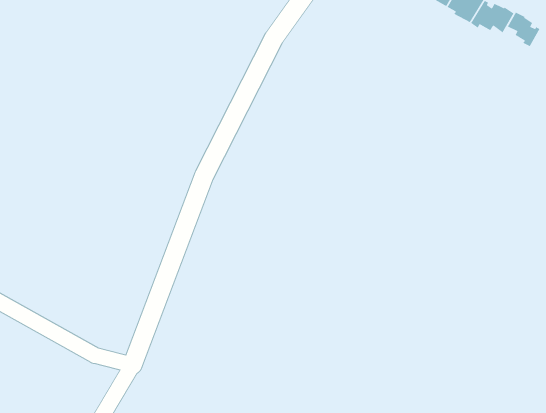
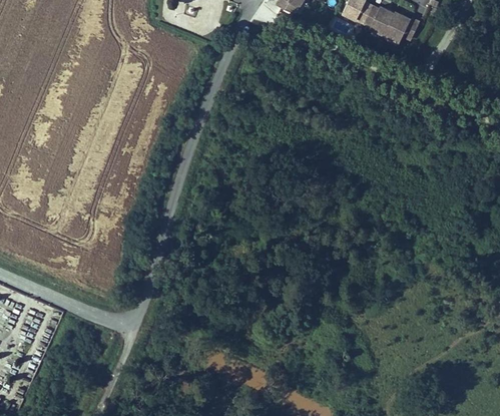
building: [507,12,540,47] -> none

